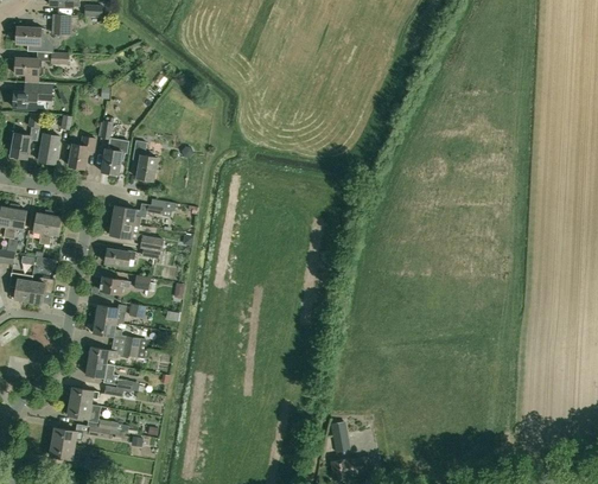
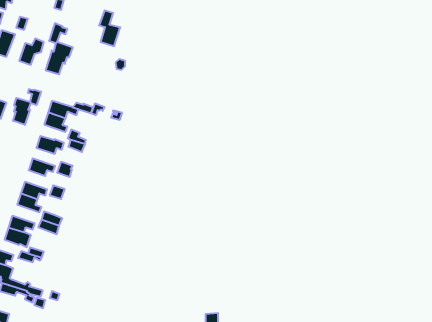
building: [132,140,157,179] -> [99,11,120,46]
building: none -> [13,89,41,125]

